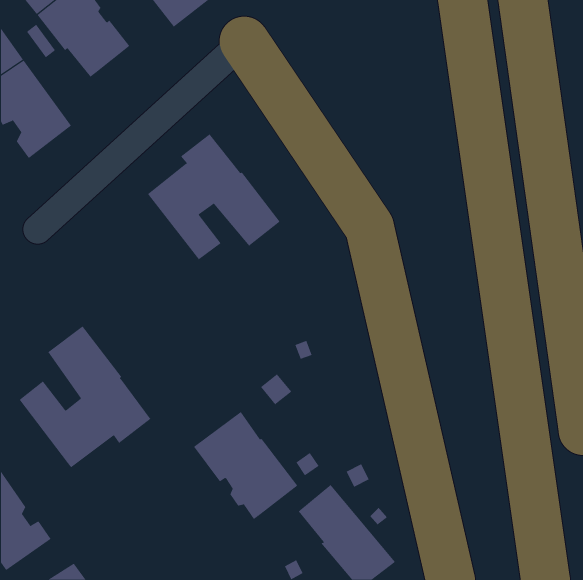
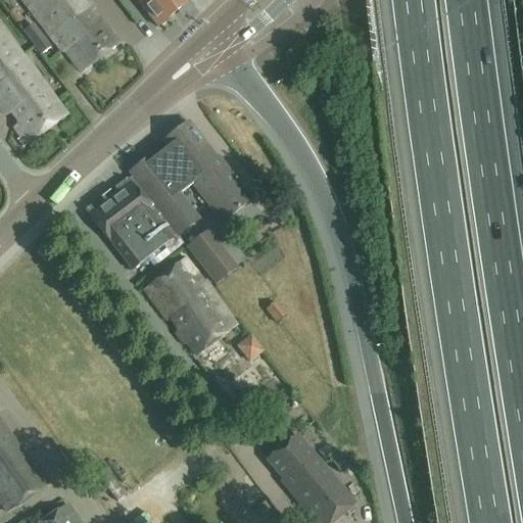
building: none -> [89,178,183,268]
building: none -> [188,230,235,281]
building: [19,325,151,468] -> none
building: [193,411,298,520] -> [142,256,236,353]

